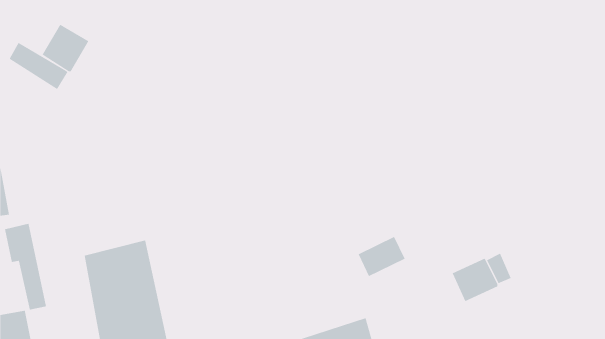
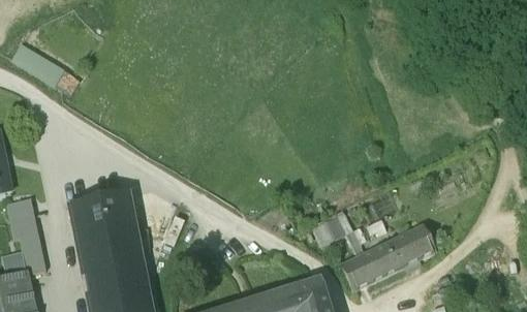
building: [42,24,89,72] -> none
building: none -> [71,191,128,223]
building: none -> [340,239,405,288]

